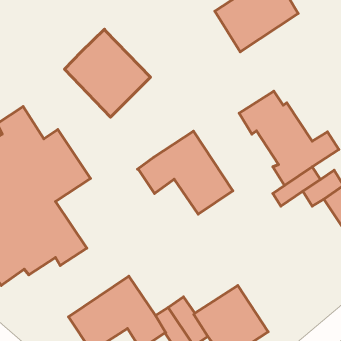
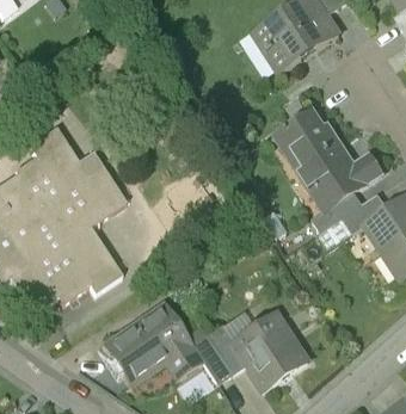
building: [64,29,151,117] -> none
building: [137,131,233,214] -> none

